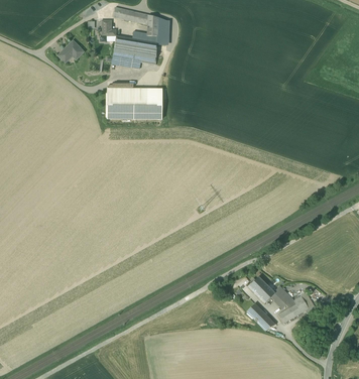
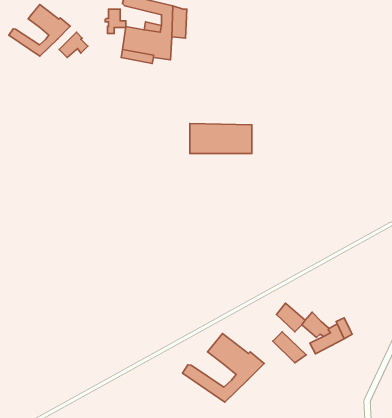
building: none -> [9,5,70,56]
building: [107,92,161,118] -> [190,124,252,154]
building: none -> [183,334,264,402]

